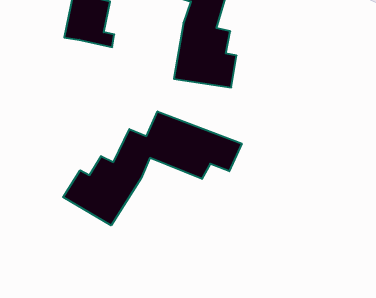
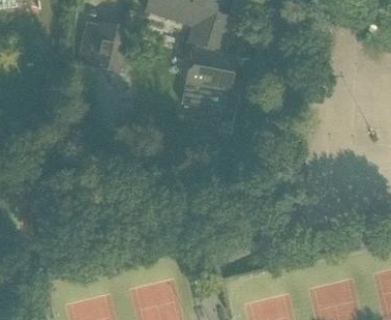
building: [63,111,242,225] -> none

